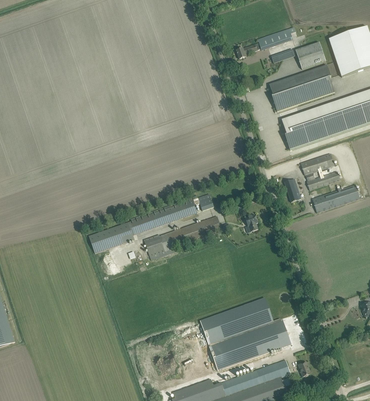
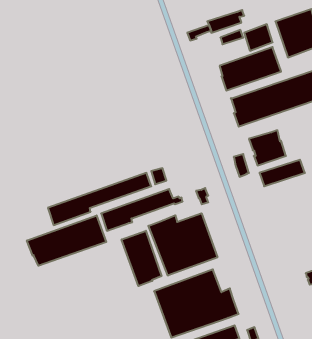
building: none -> [148,213,217,276]
building: none -> [27,215,106,266]
building: none -> [122,231,162,286]

